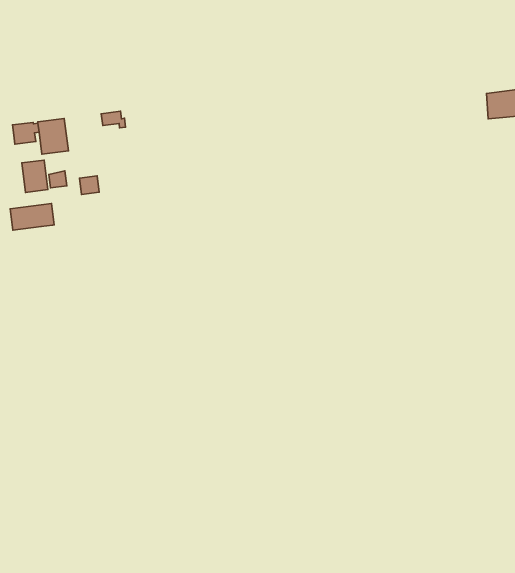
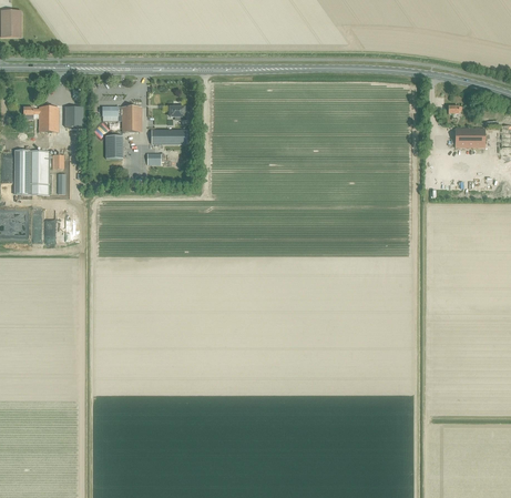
building: none -> [151,129,186,144]
building: [10,204,54,230] -> none

